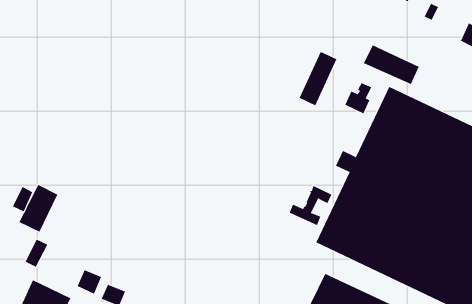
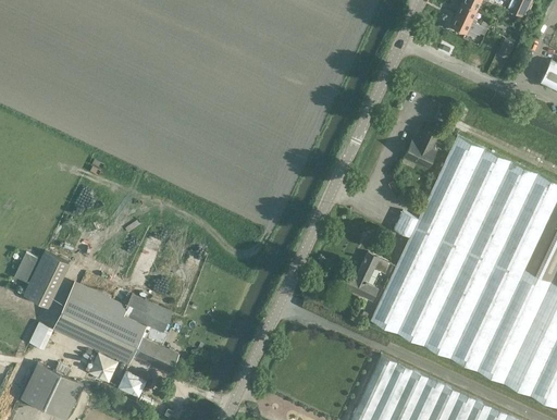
building: [363,44,419,85] -> none
building: [299,51,337,106] -> none
building: none -> [58,285,178,372]

